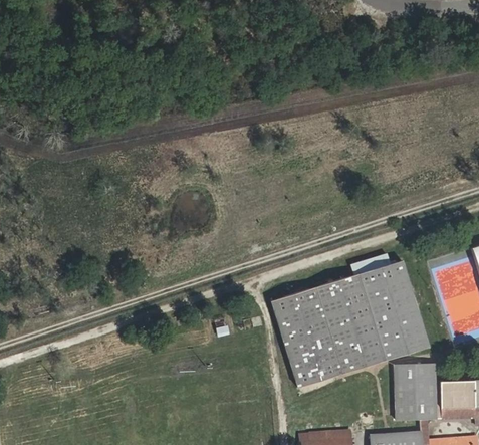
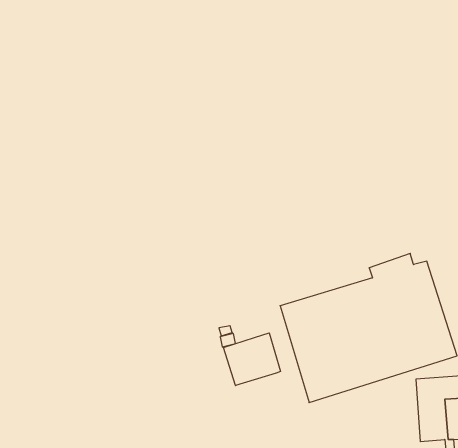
building: none -> [223,333,280,386]

